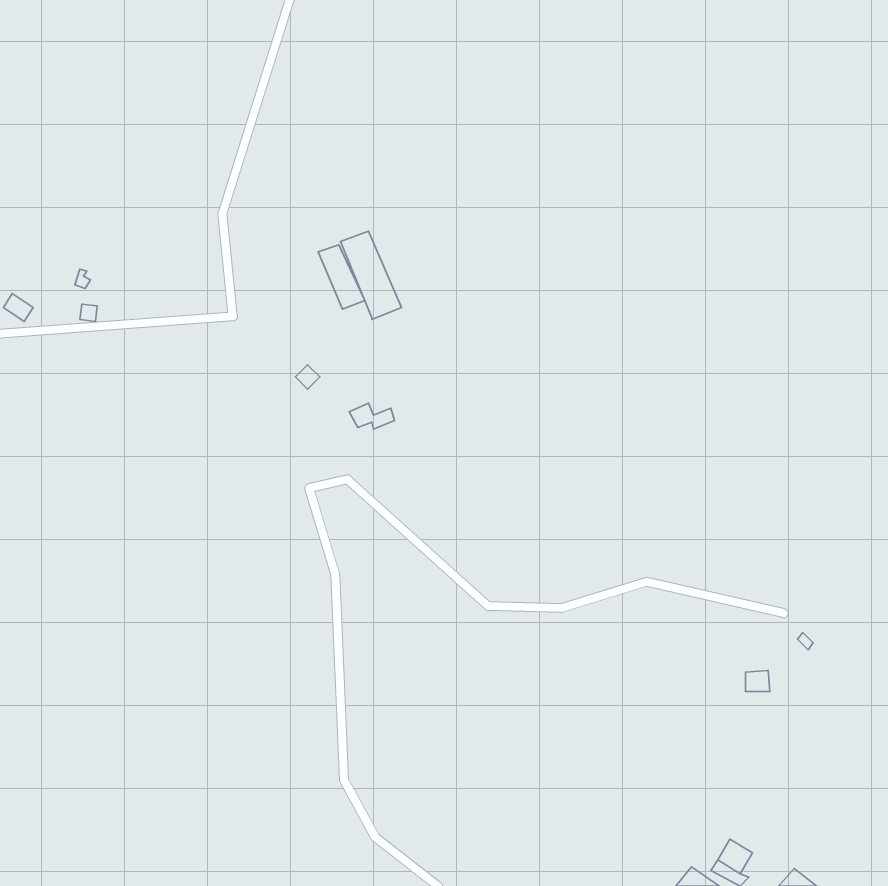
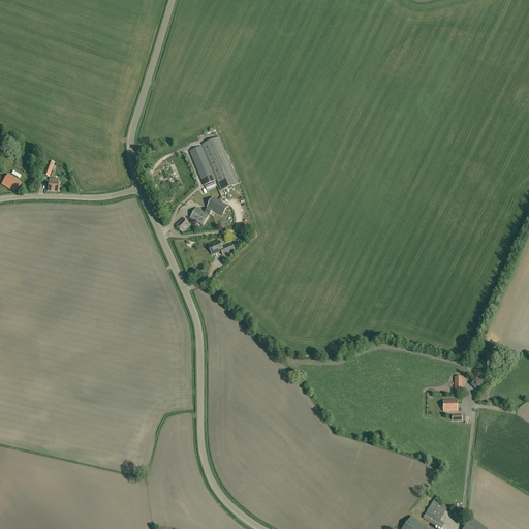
building: none -> [190,196,227,224]

